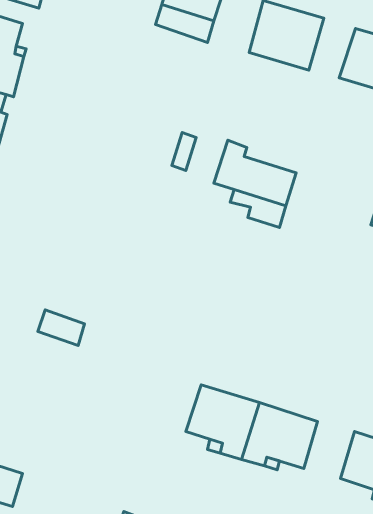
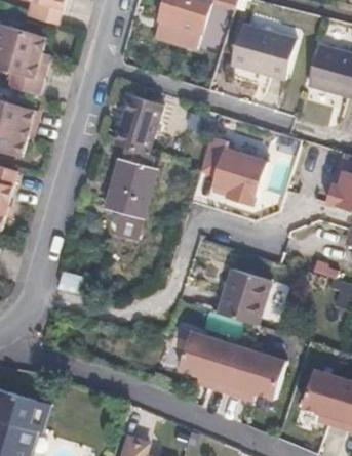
building: none -> [117,94,162,153]
building: none -> [105,157,155,238]
building: none -> [218,268,272,325]

